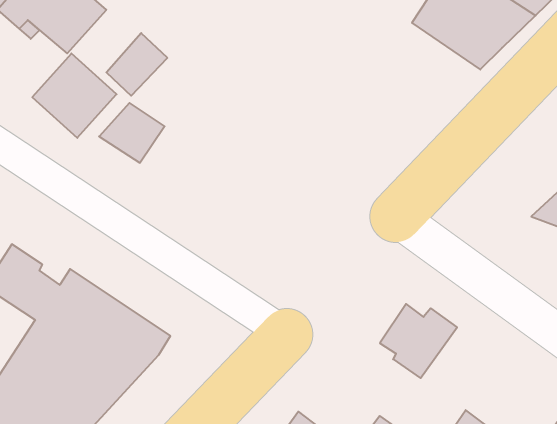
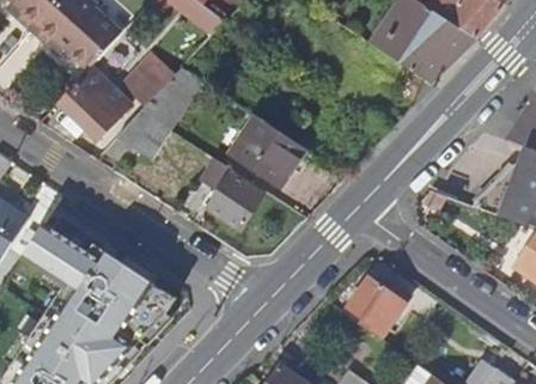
building: none -> [140,78,193,128]
building: none -> [230,115,311,183]
building: none -> [206,157,262,224]

